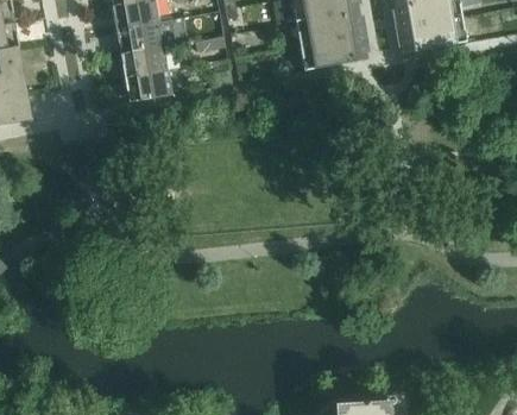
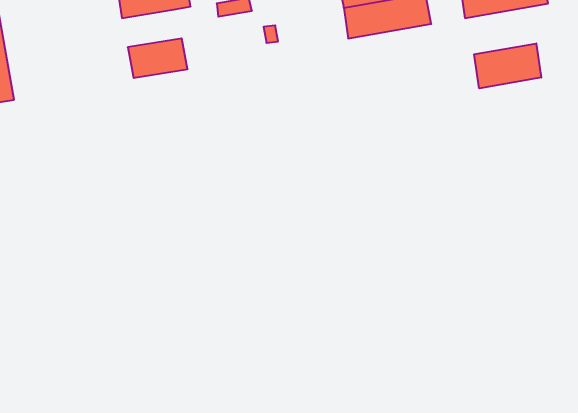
building: [120,46,169,77] -> none
building: none -> [474,43,541,88]

